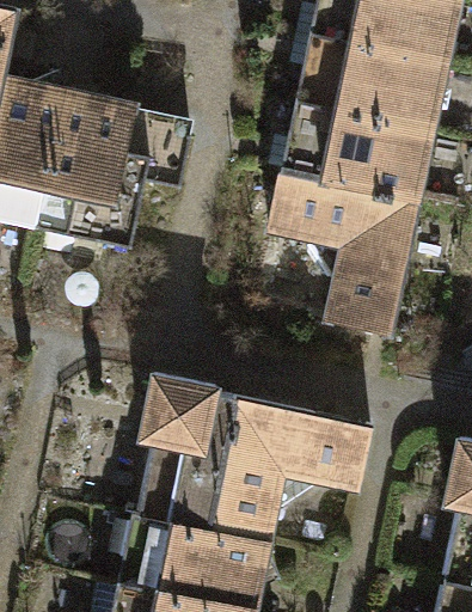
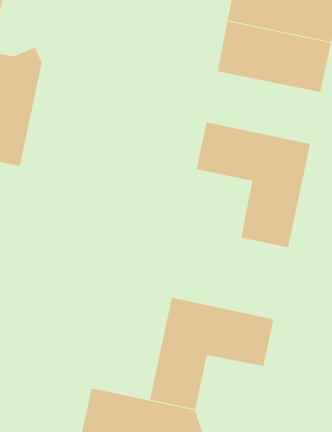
building: [39,90,155,253] -> none
building: [282,102,433,196] -> none
building: [140,374,237,532] -> none

